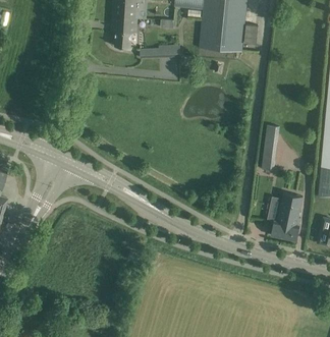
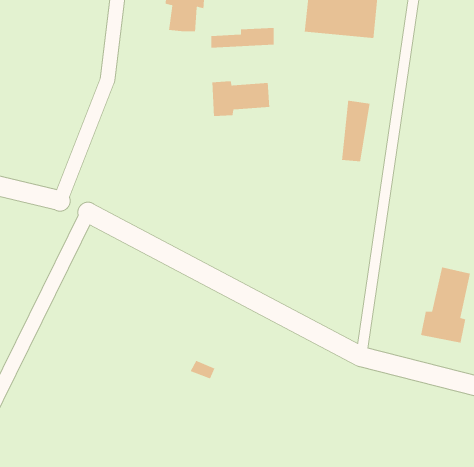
building: none -> [211,81,270,117]
building: [262,131,280,170] -> [341,100,371,162]

